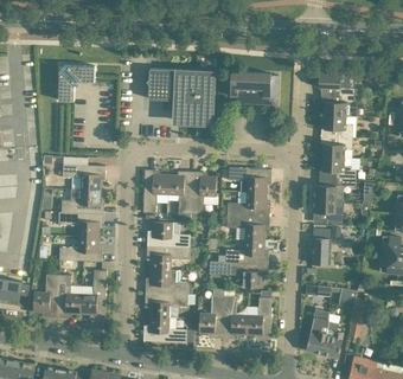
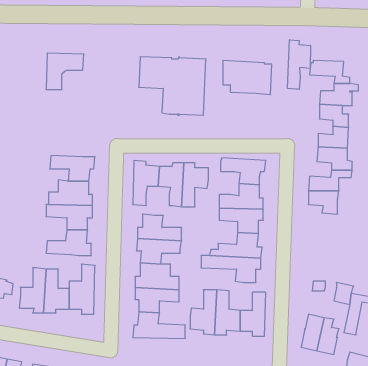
building: none -> [288,40,311,89]
building: [311,230,330,264] -> none

